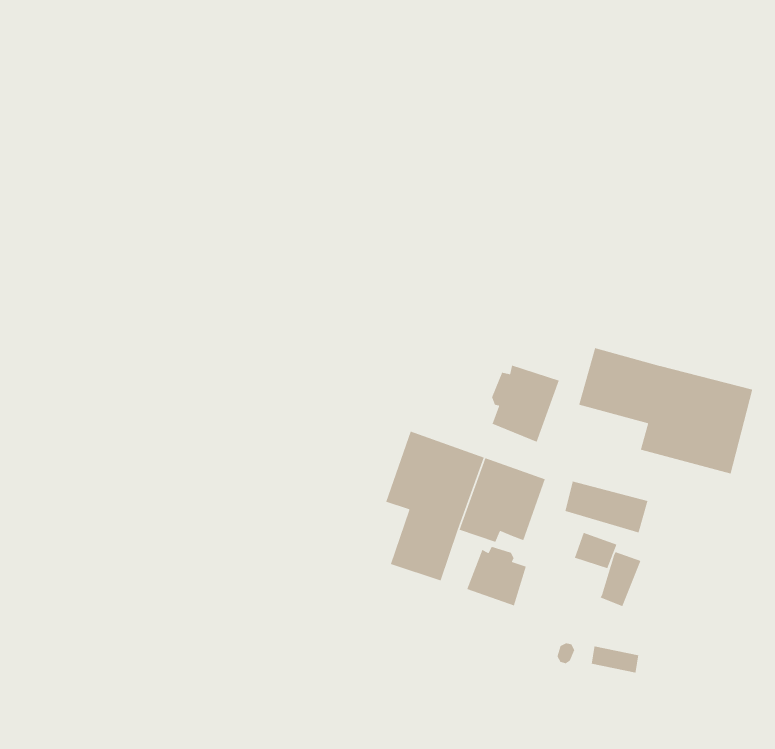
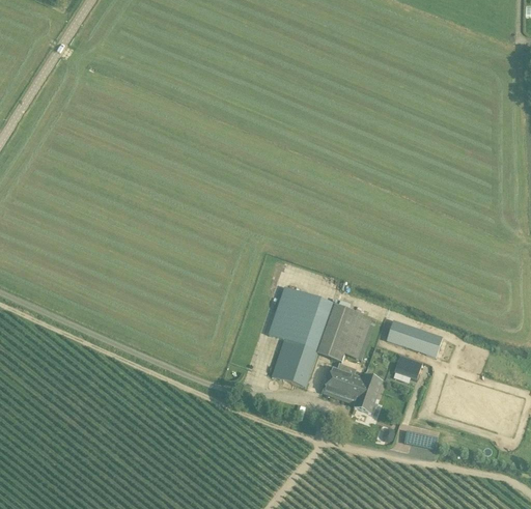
building: [578,347,753,475] -> none
building: [491,365,560,443] -> none
building: [600,551,642,607] -> [353,375,381,413]

